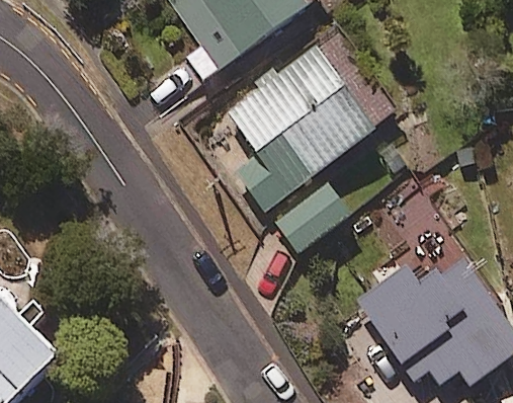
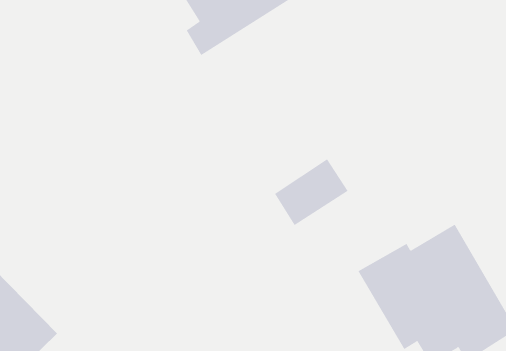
building: [227,47,373,209] -> none

